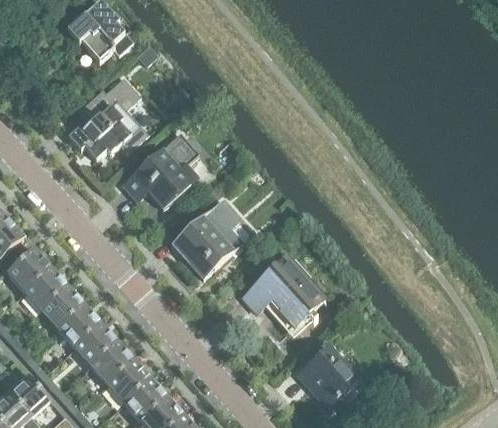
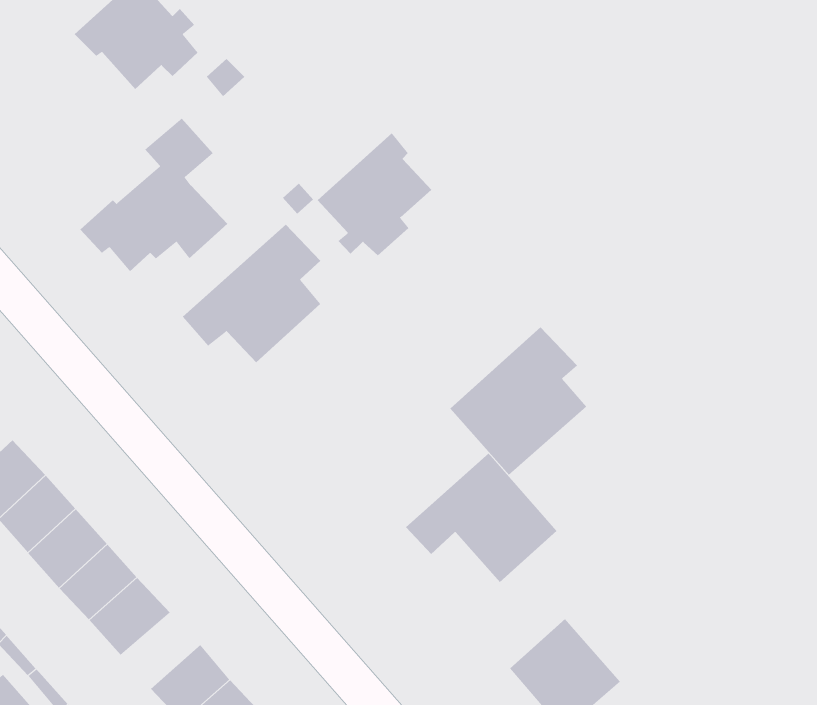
building: none -> [317,132,432,256]
building: [171,199,245,279] -> [449,327,587,475]
building: [90,343,133,384] -> none

